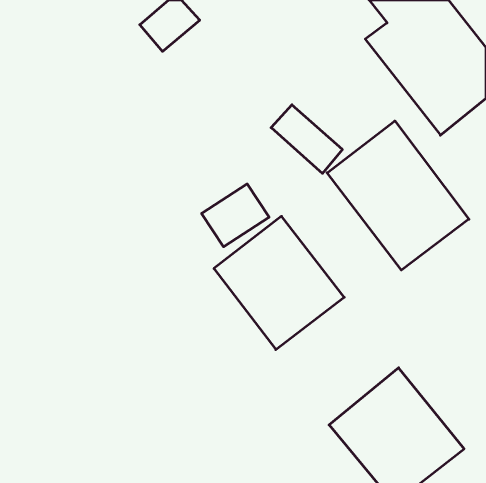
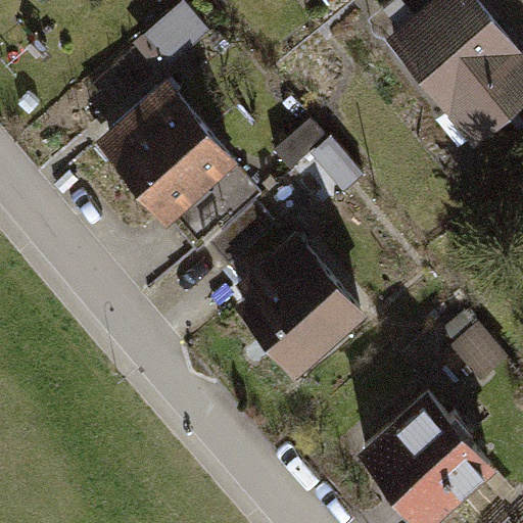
building: none -> [86,75,229,221]
building: [327,121,469,270] -> none

